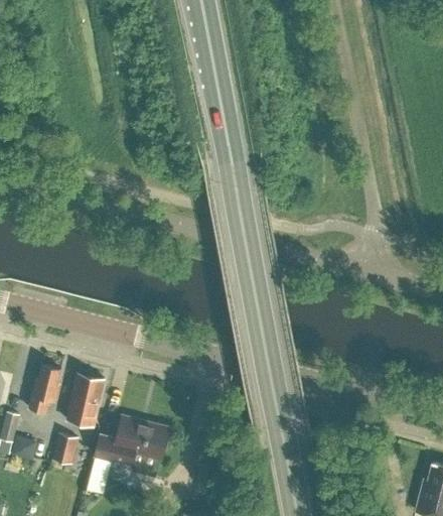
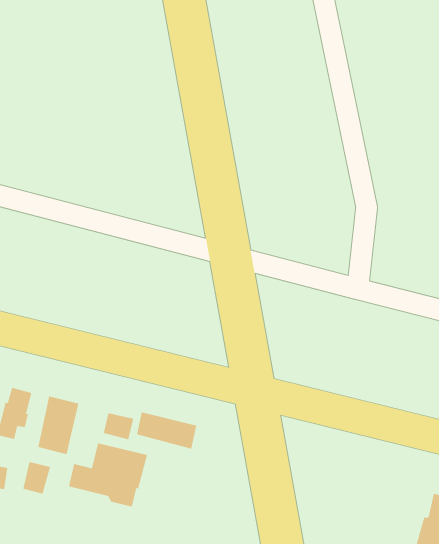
building: none -> [137,411,197,449]
building: none -> [103,412,134,440]

